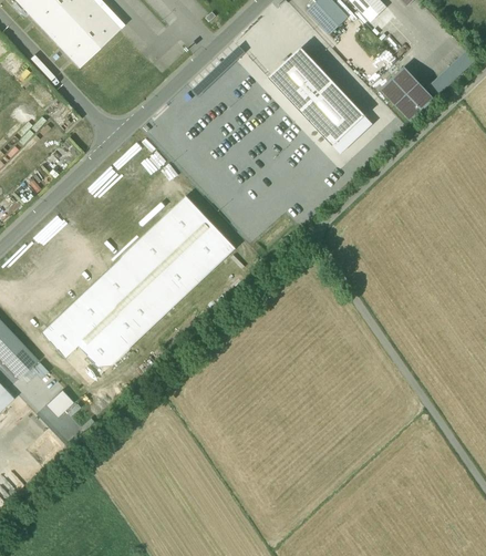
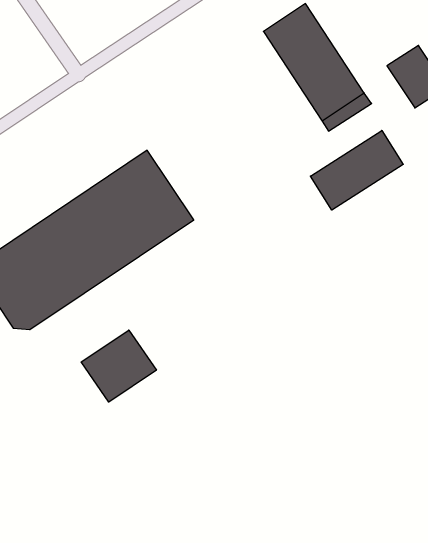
building: none -> [310,130,403,210]
building: none -> [81,330,156,402]

